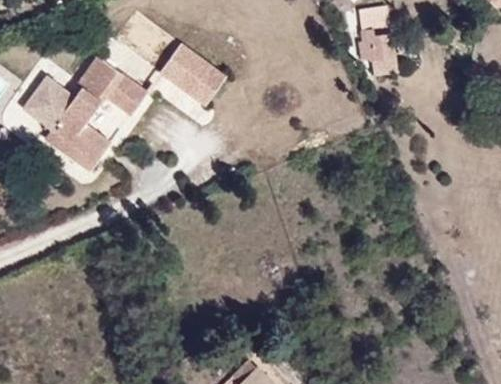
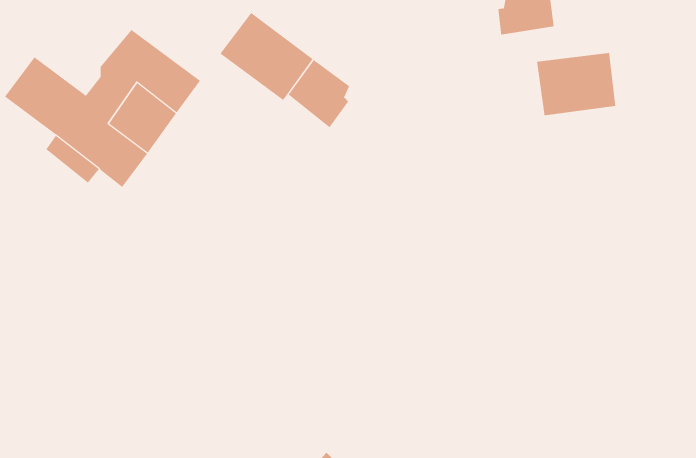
building: none -> [536,52,616,116]
building: none -> [288,59,350,128]

